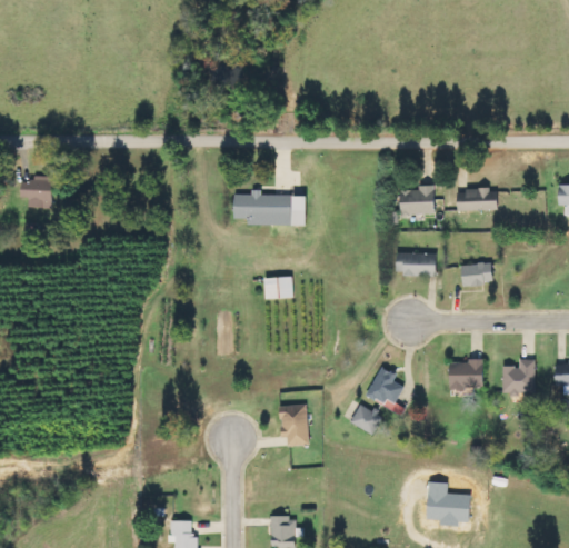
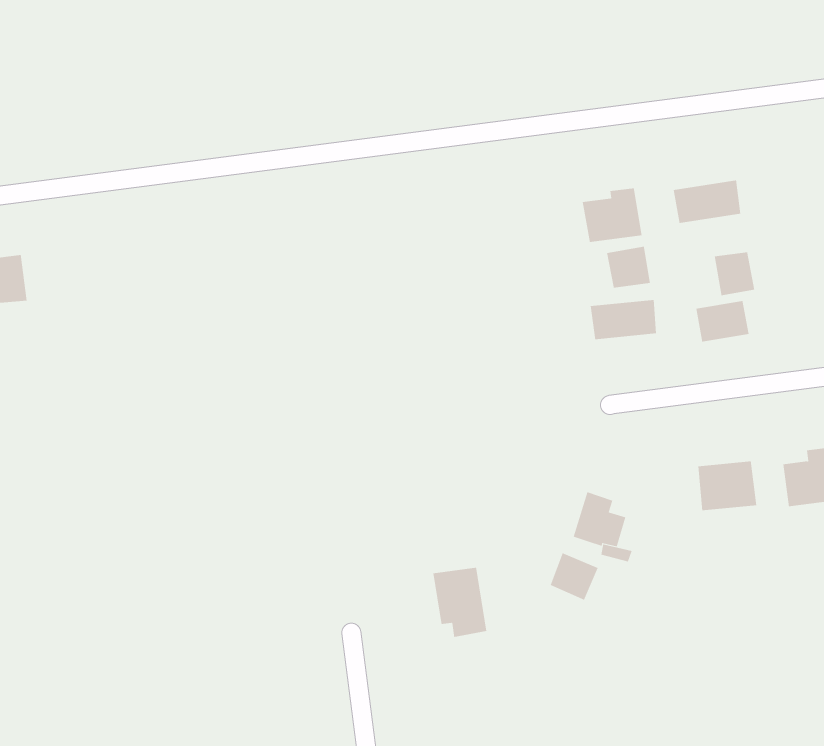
building: [233,189,307,226] -> none
building: none -> [606,246,650,288]
building: none -> [714,252,755,296]
building: [264,277,292,298] -> none
building: [427,481,470,526] -> none

